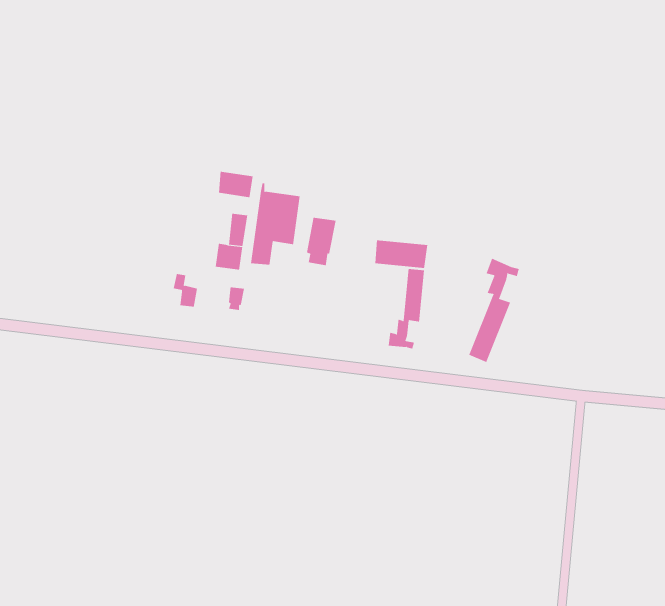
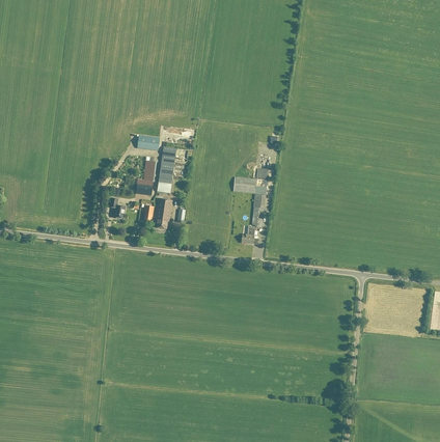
building: [306,217,337,266] -> [154,198,172,228]
building: [469,258,519,363] -> none

